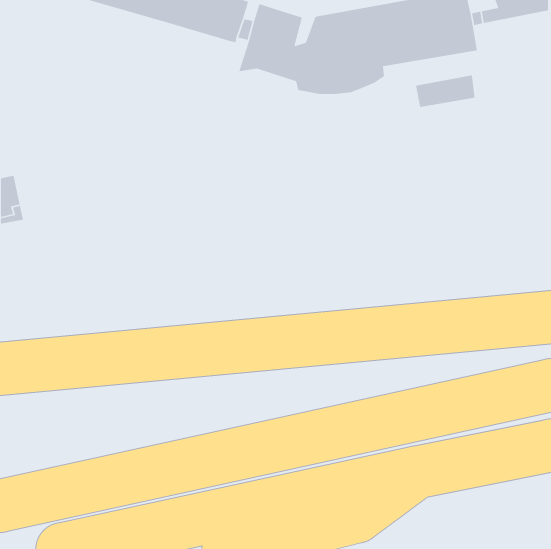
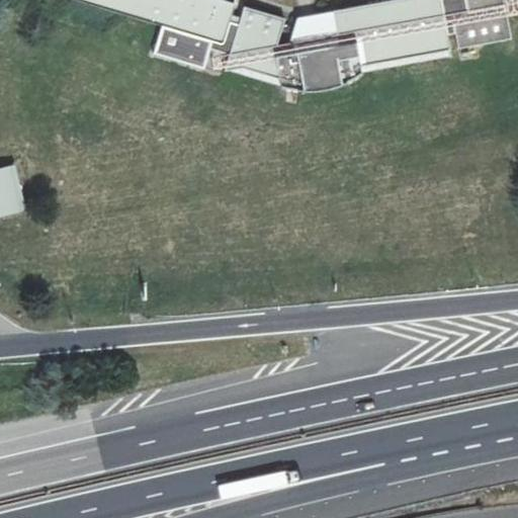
building: none -> [153,23,212,68]
building: [415,74,476,108] -> [453,15,510,47]

